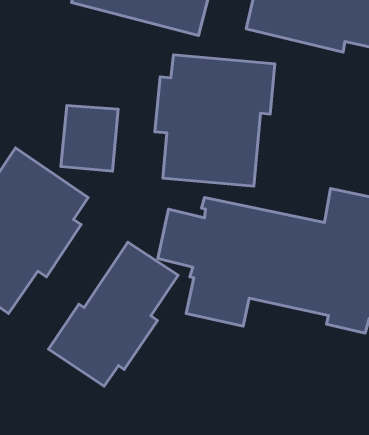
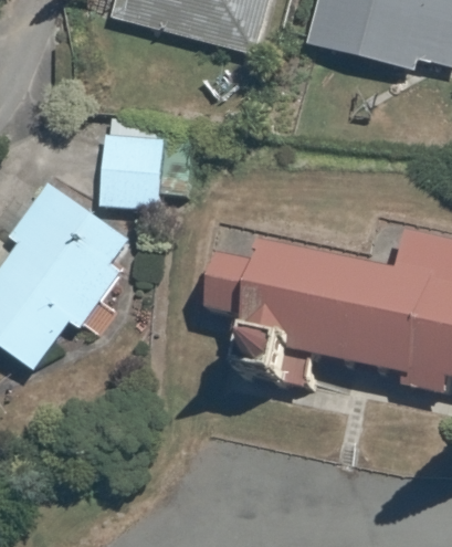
building: [155,55,275,186] -> none
building: [48,242,178,386] -> none

